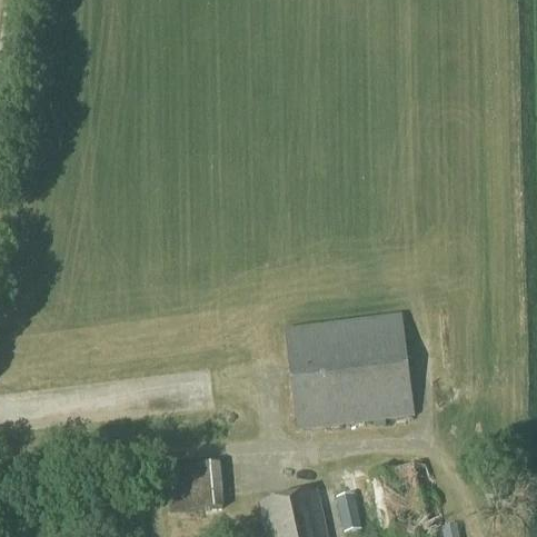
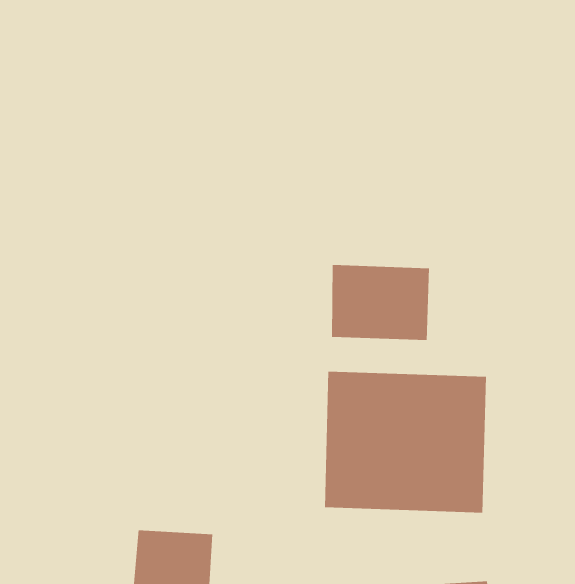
building: none -> [332,264,430,341]

